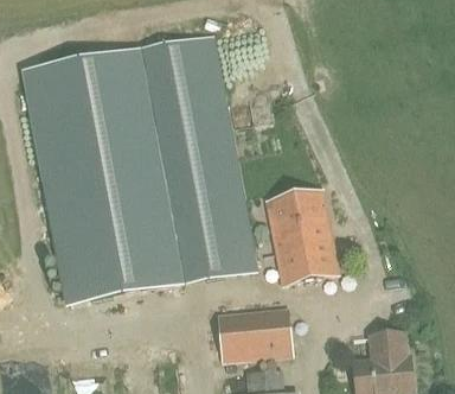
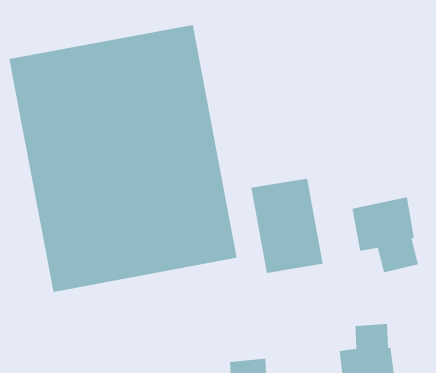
building: none -> [352,196,419,273]
building: [217,305,293,361] -> none

